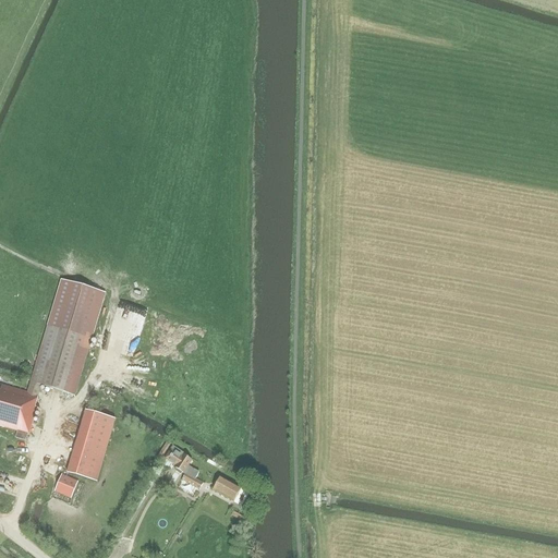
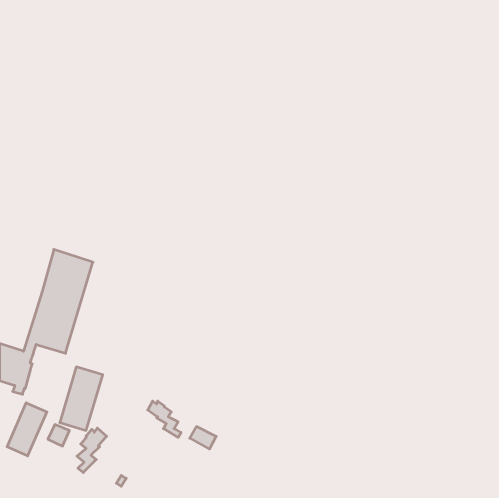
building: none -> [7,403,47,456]
building: none -> [77,428,107,473]

